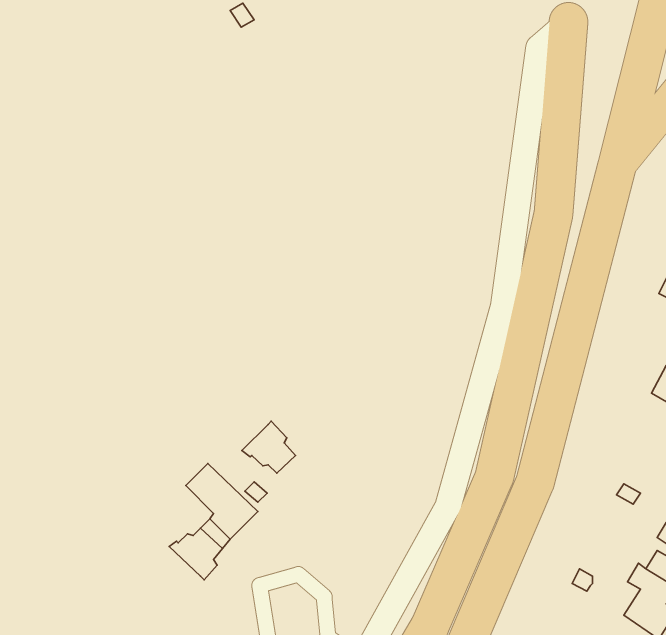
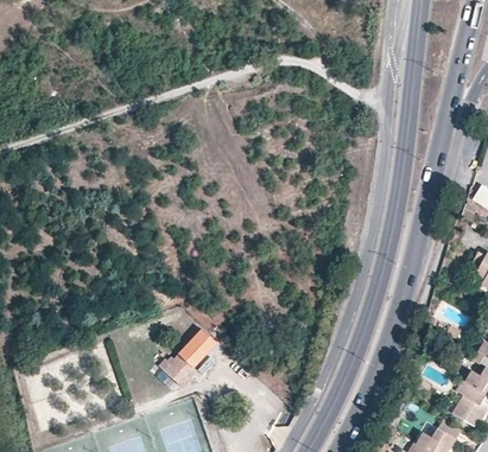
building: [242,421,295,473] -> none

